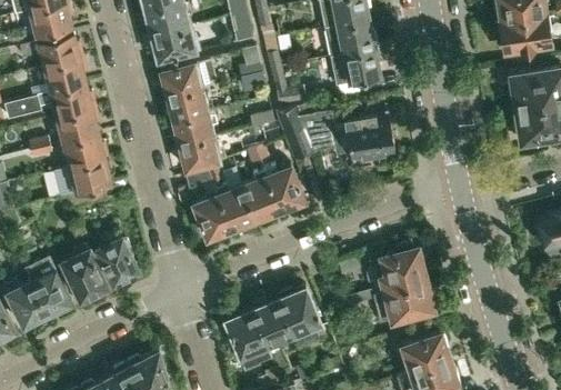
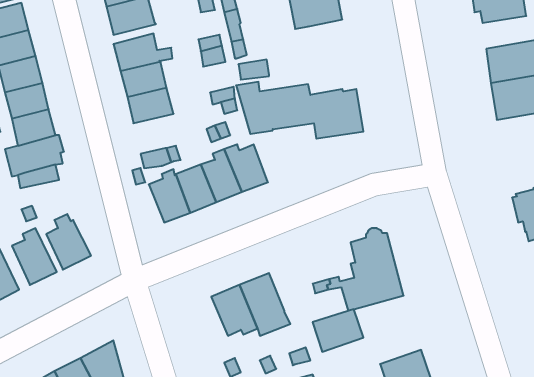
building: [342,48,381,83] -> none
building: [178,137,222,171] -> none
building: [224,309,271,369] -> none
building: [401,332,449,372] -> [313,309,363,352]

